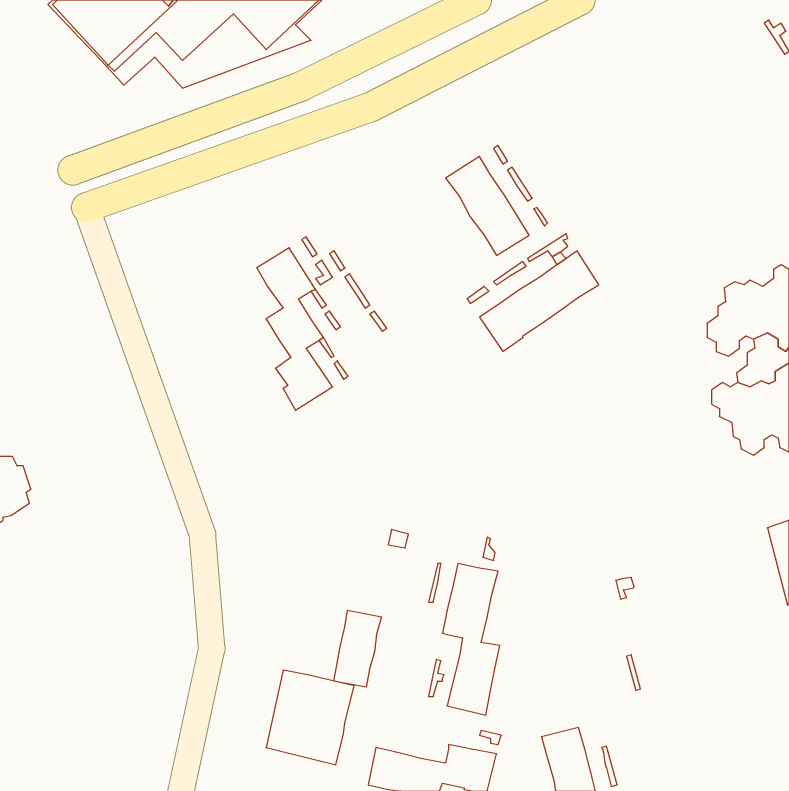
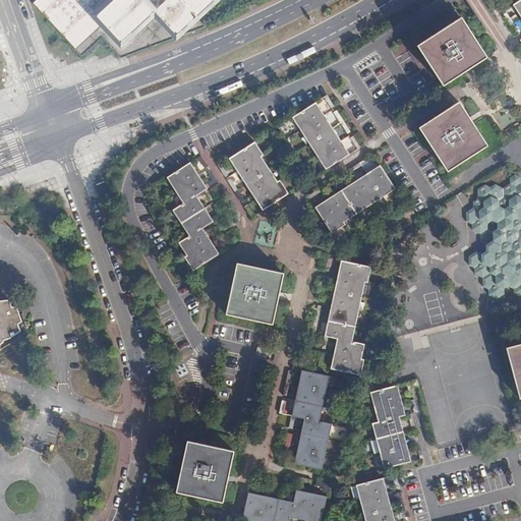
building: none -> [416,17,486,85]
building: none -> [418,101,486,171]
building: none -> [229,143,287,210]
building: none -> [324,260,367,375]
building: none -> [225,264,282,324]
building: none -> [370,384,409,468]
building: [334,610,381,687] -> none

